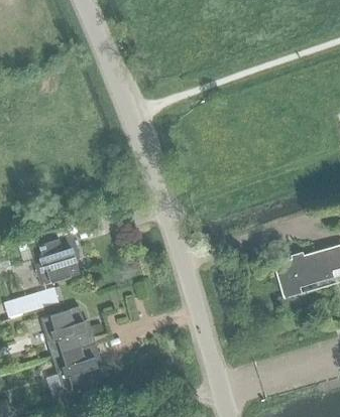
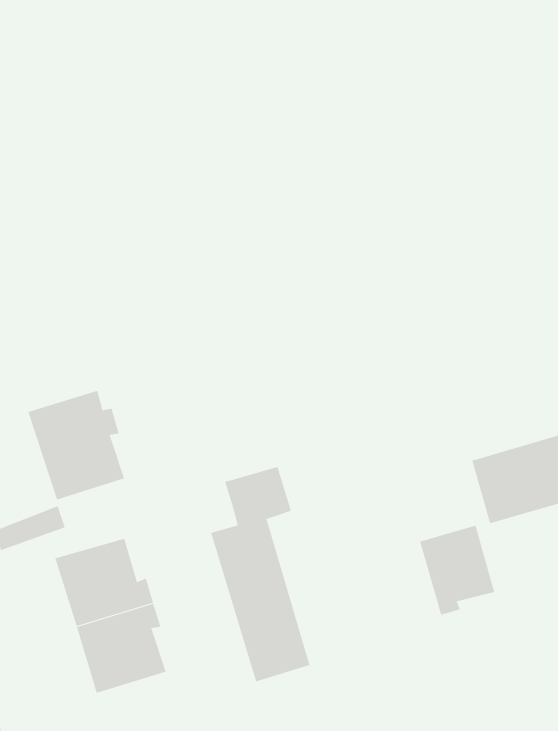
building: none -> [210,466,310,682]
building: none -> [420,525,495,615]

